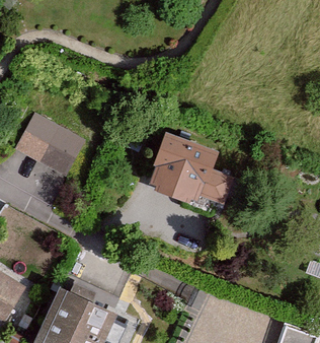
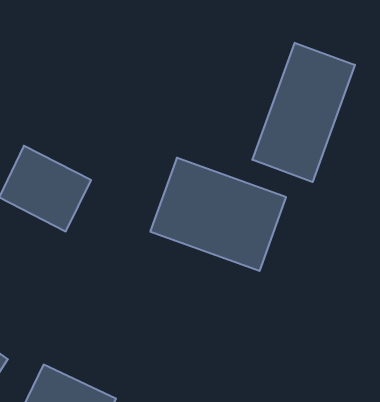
building: none -> [252,43,355,182]

